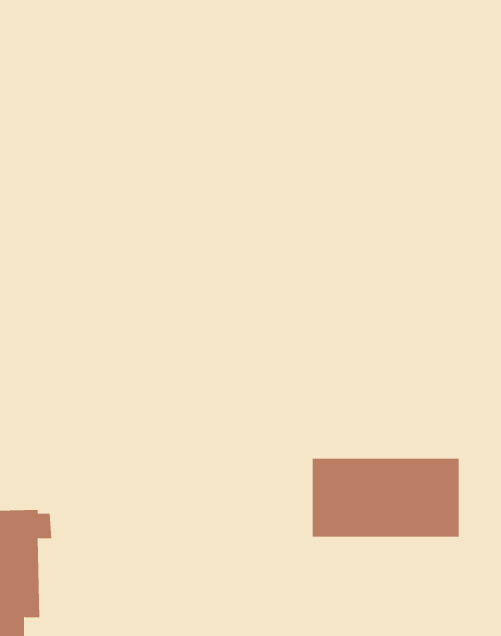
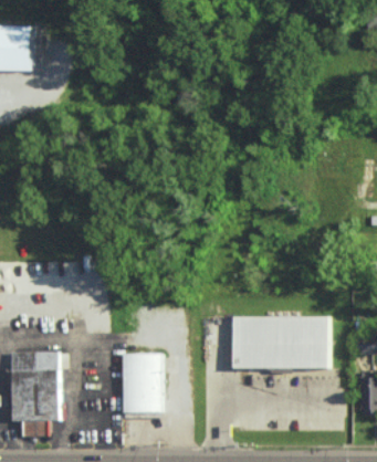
building: none -> [124,354,164,414]

